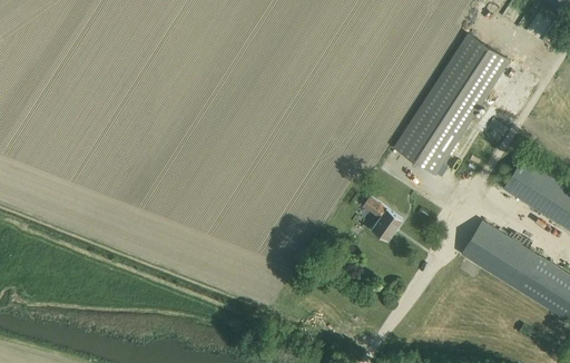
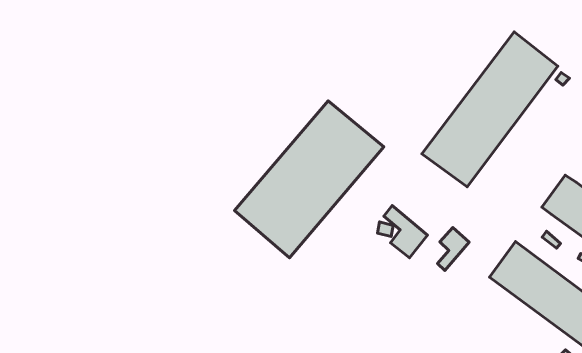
building: none -> [235,101,384,258]
building: none -> [437,228,469,271]

